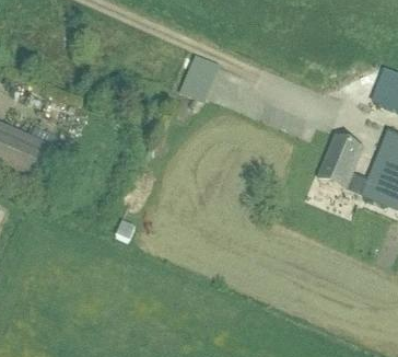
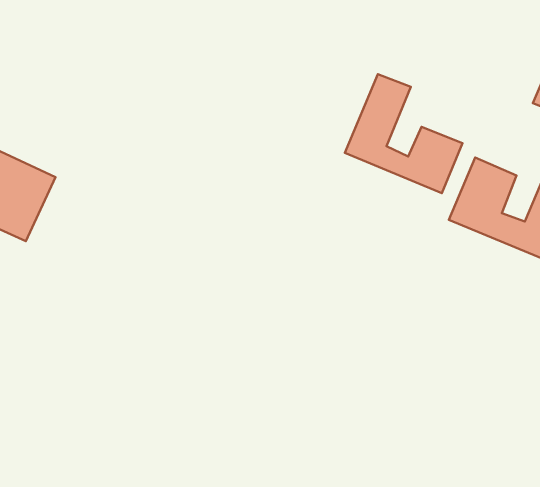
building: none -> [345,74,463,193]

